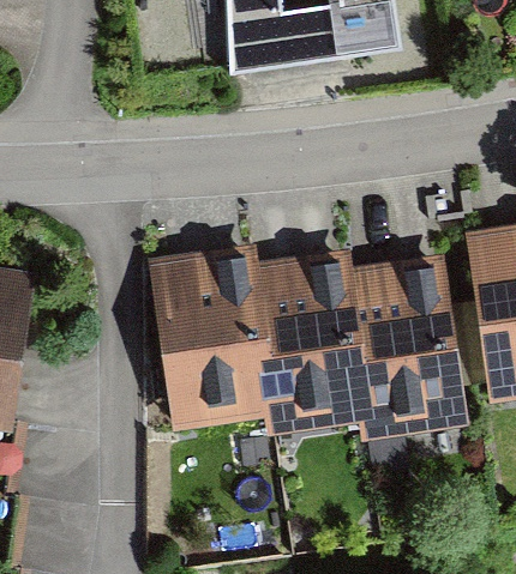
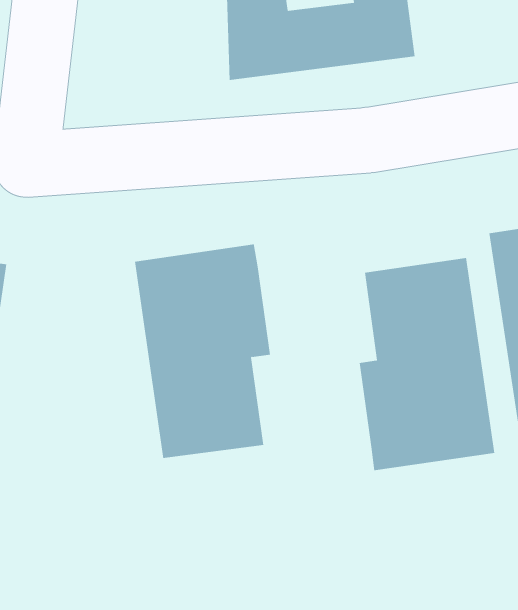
building: [253,250,364,439] -> none

